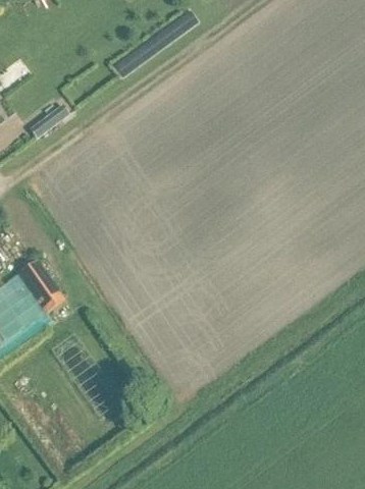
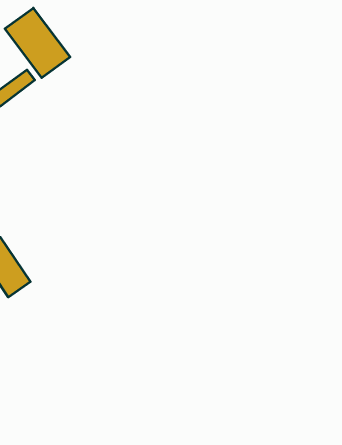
building: none -> [5,8,70,78]

